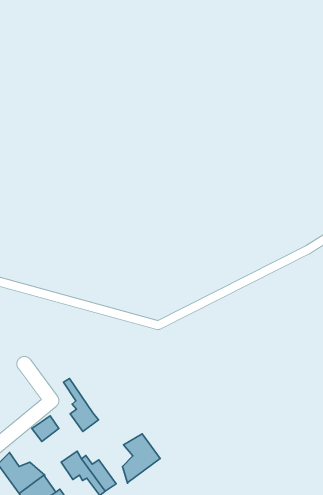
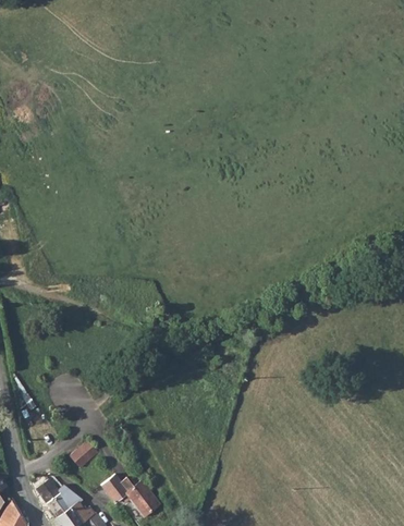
building: [63,378,99,431] -> none
building: [122,434,160,483] -> none

